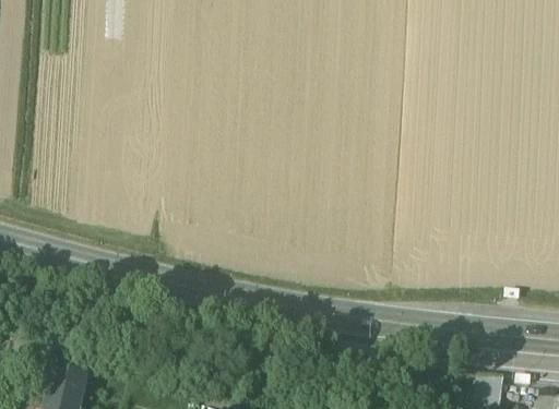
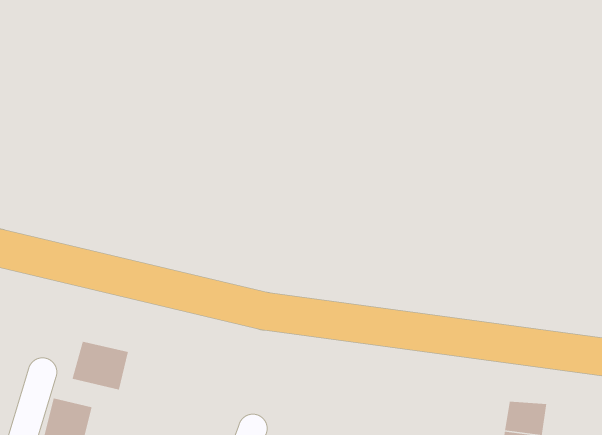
building: none -> [71,341,129,390]

